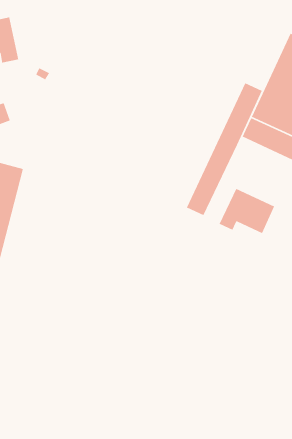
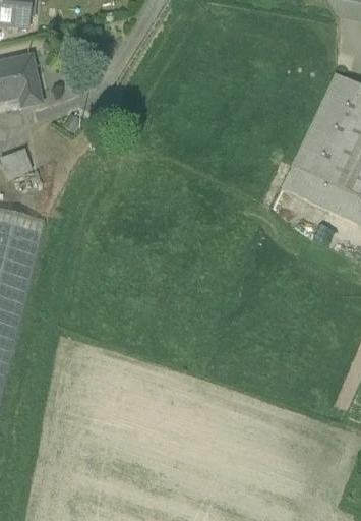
building: [186,82,263,216] -> none
building: [219,188,275,234] -> none

